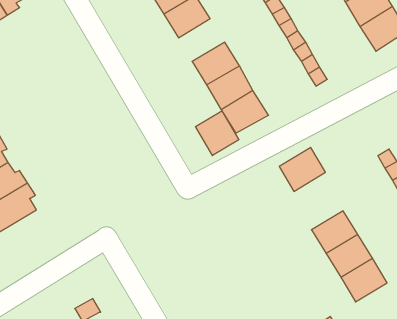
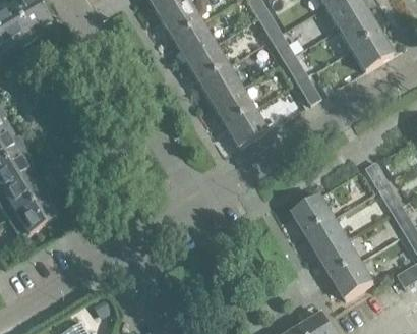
building: none -> [186,43,228,81]
building: [196,111,239,156] -> none
building: [279,147,325,191] -> [293,194,335,234]

